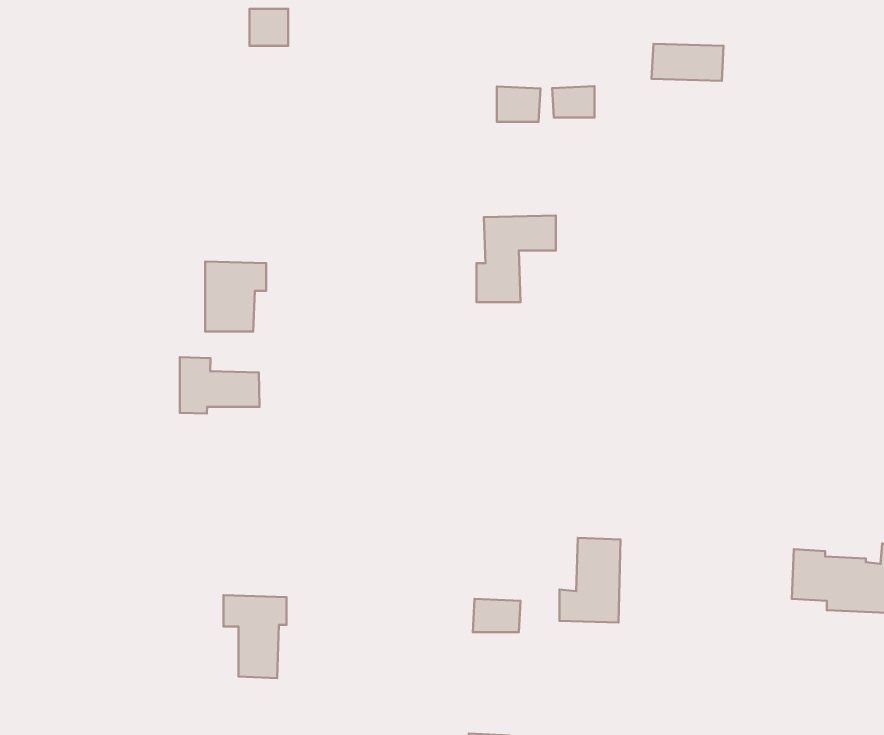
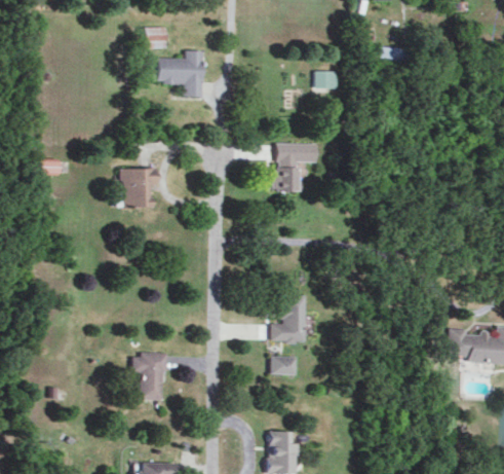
building: none -> [157,50,203,97]
building: [497,86,540,122] -> none
building: [180,357,260,413] -> none
building: [560,538,620,623] -> [272,294,306,341]

